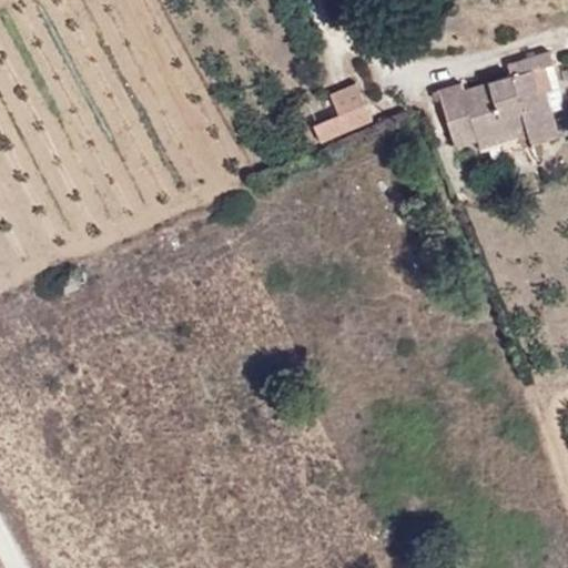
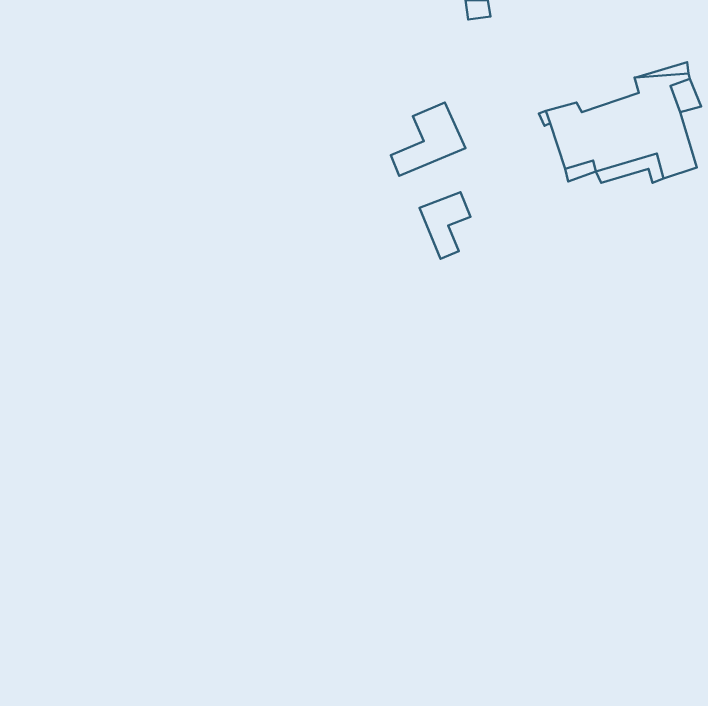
building: none -> [419,192,470,259]

